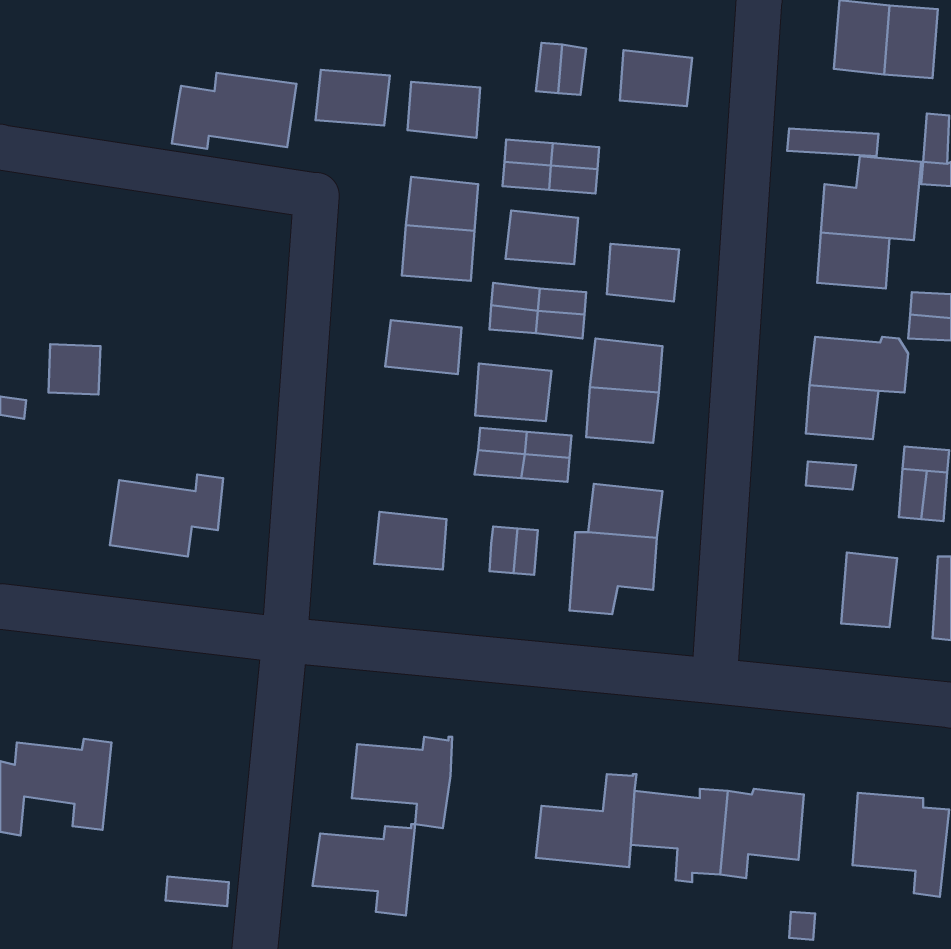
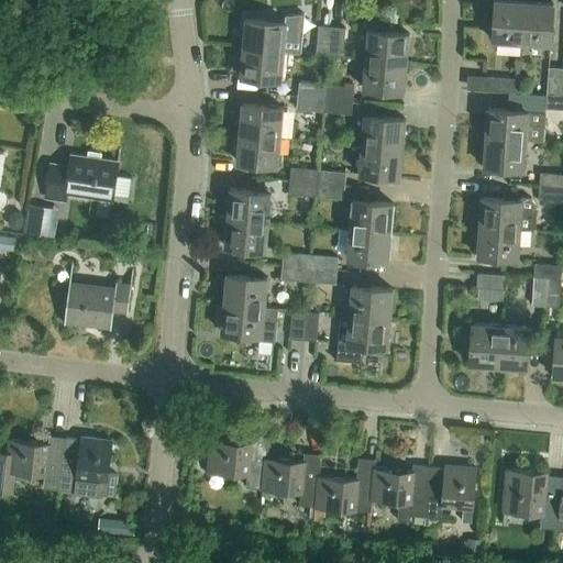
building: [315,70,390,126] -> [243,20,287,53]
building: [172,73,296,149] -> [45,157,119,202]
building: none -> [363,60,406,93]
building: [505,210,578,264] -> [361,117,404,148]
building: [475,363,552,421] -> [225,218,271,252]
building: none -> [224,276,267,308]
building: none -> [467,325,500,369]
building: none -> [60,439,118,498]
building: [313,824,415,916] -> [262,454,322,508]

